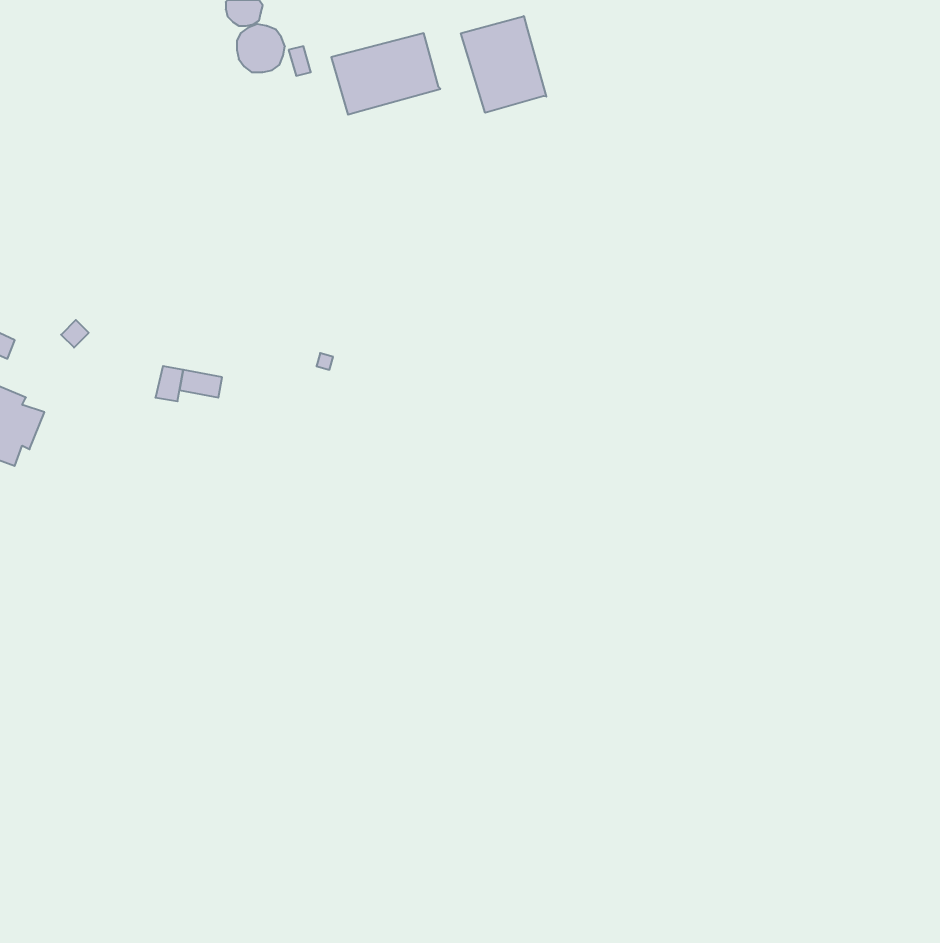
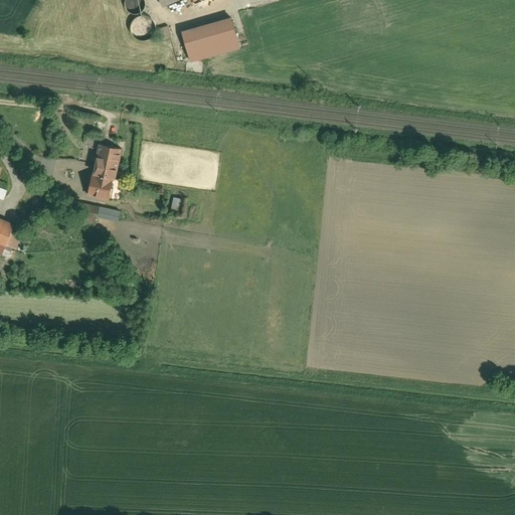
building: [461,16,546,113] -> none
building: none -> [84,139,122,196]

